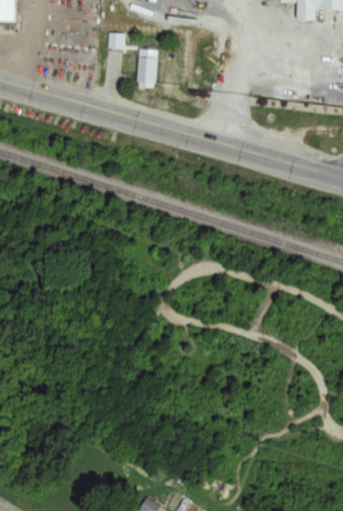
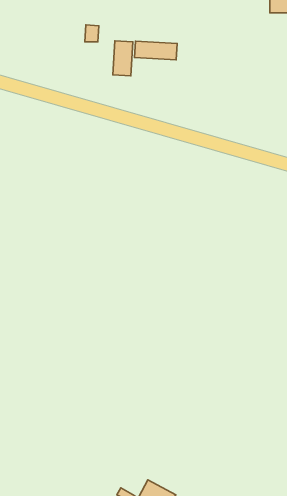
building: none -> [135,41,177,60]

